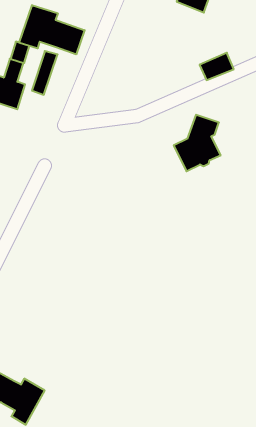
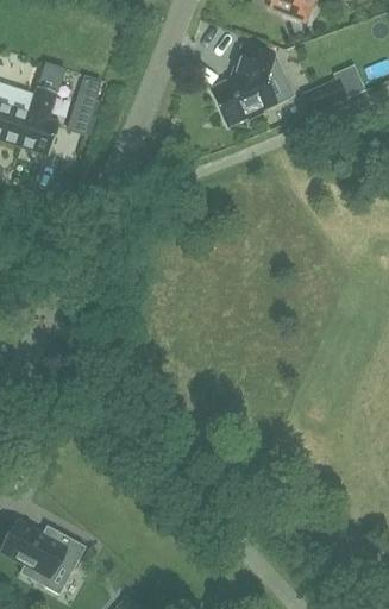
building: [19,5,85,54] -> none
building: [174,115,221,171] -> [212,44,277,123]

